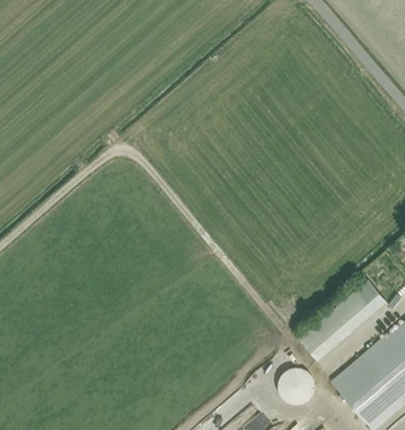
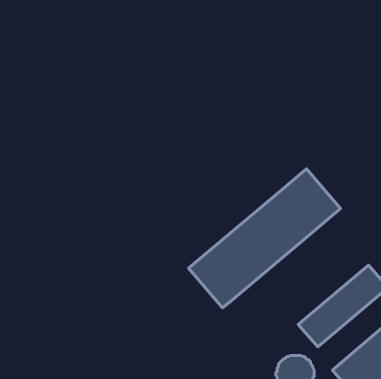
building: none -> [188,169,341,308]

